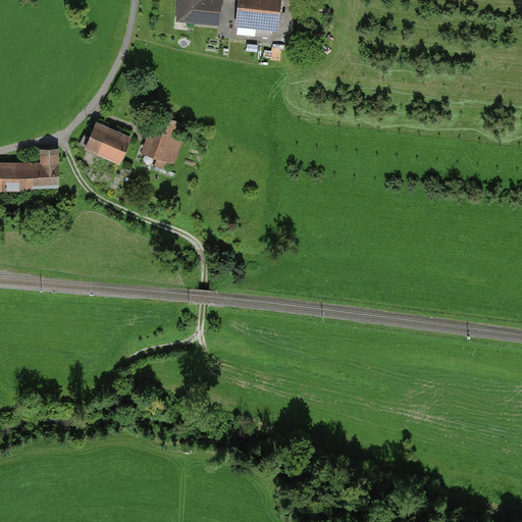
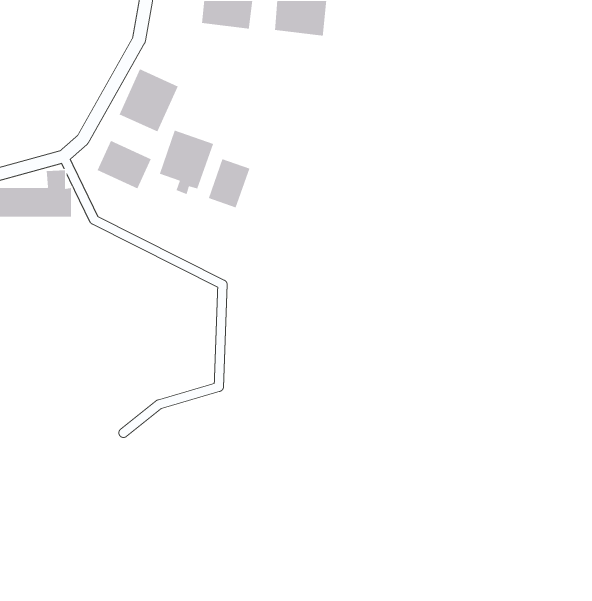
building: none -> [118,68,179,133]
building: none -> [208,158,251,208]

